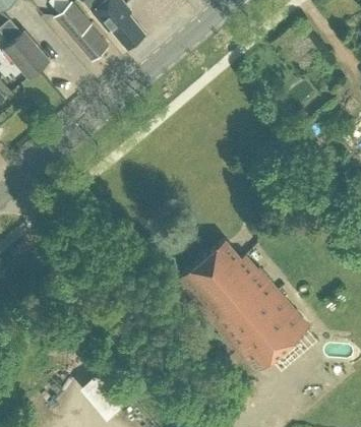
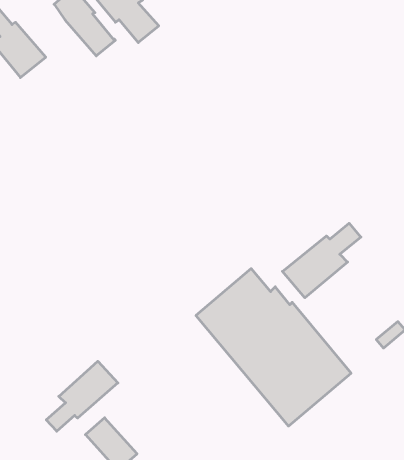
building: none -> [282,223,361,298]
building: none -> [46,361,118,431]

